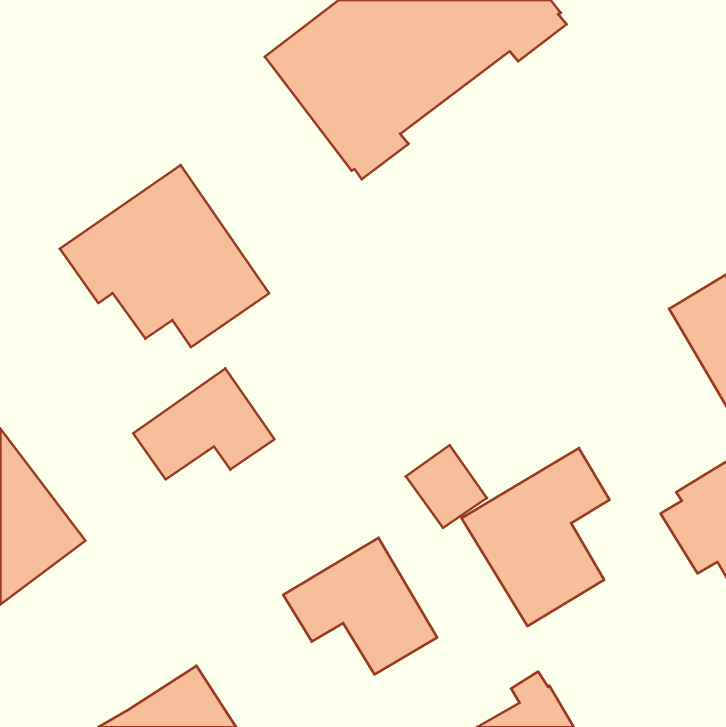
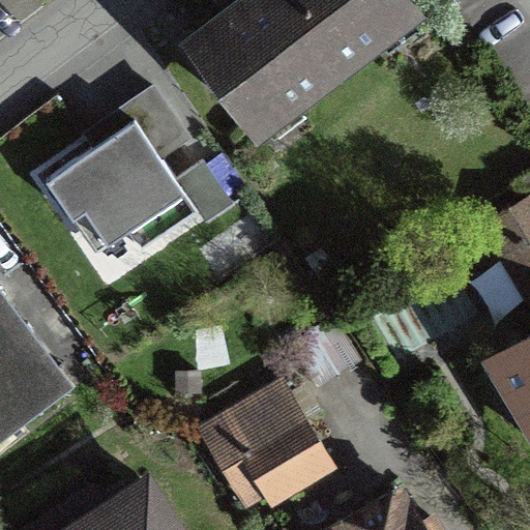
building: [133,368,274,479] -> none
building: [462,448,609,626] -> none

